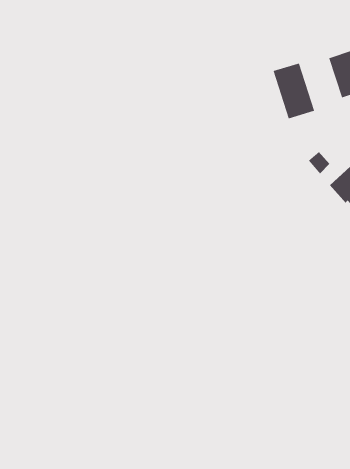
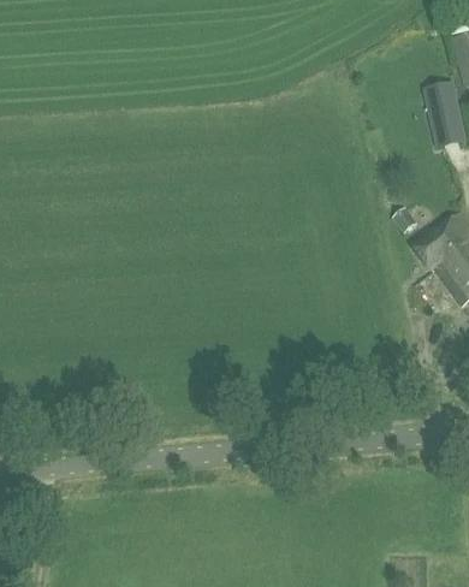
building: [272,62,315,119] -> none

